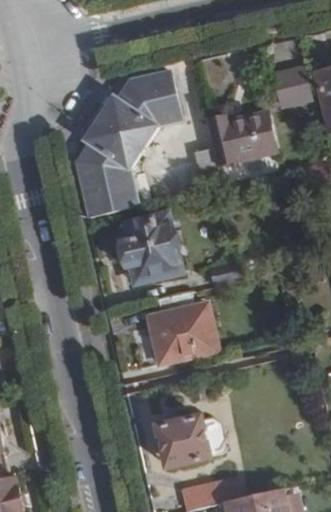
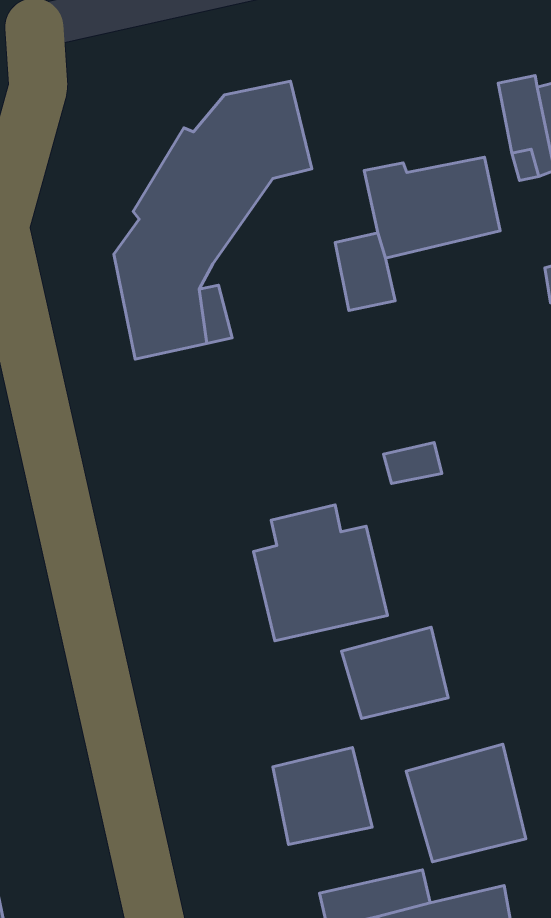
building: [116,214,186,283] -> none
building: none -> [342,627,448,719]
building: none -> [406,744,526,862]

